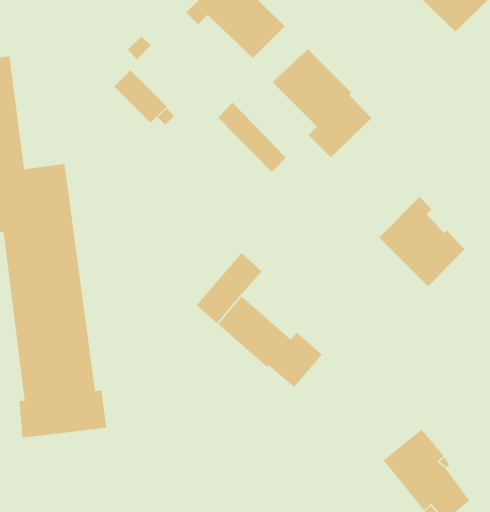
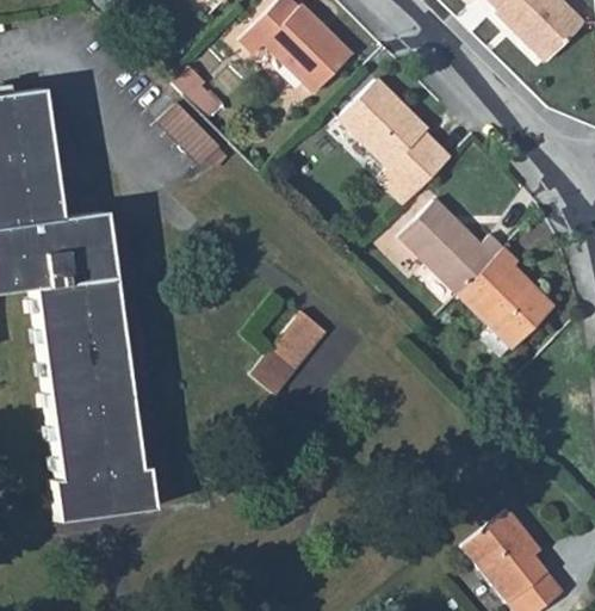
building: [218,102,287,173] -> none
building: none -> [399,199,506,294]
building: [218,295,323,388] -> none

